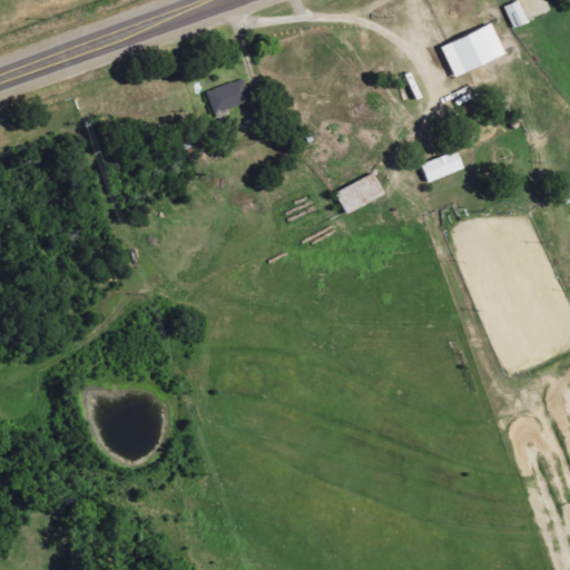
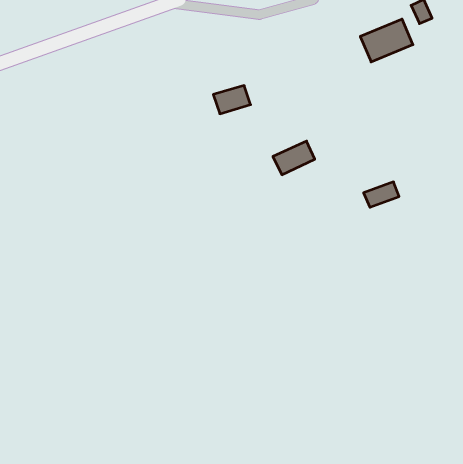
building: [206,79,252,114] -> [213,86,251,114]
building: [421,150,464,181] -> [364,182,399,207]

